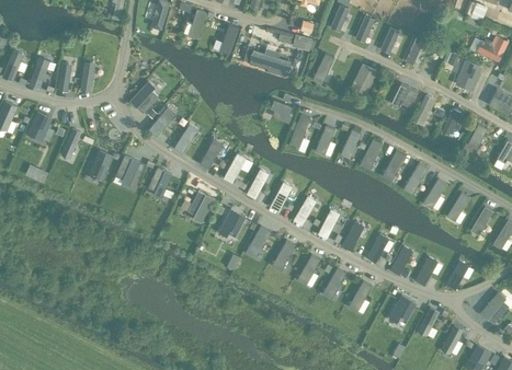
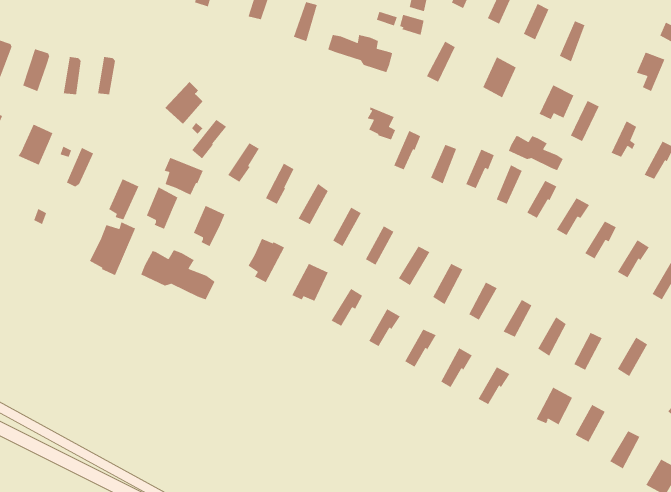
building: none -> [508,135,564,171]
building: none -> [164,157,204,196]
building: none -> [89,221,136,276]
building: none -> [140,249,215,300]

